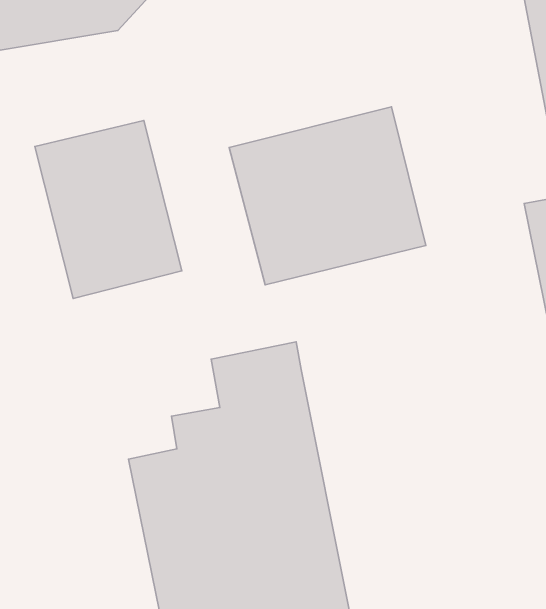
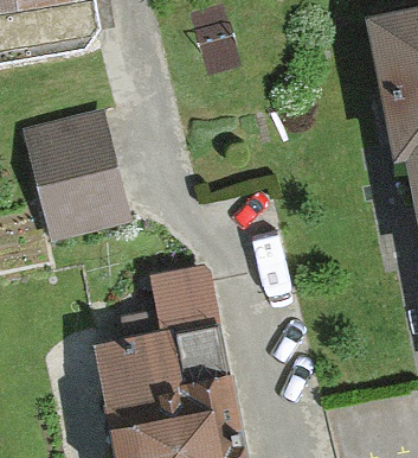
building: [229,107,426,285] -> none

